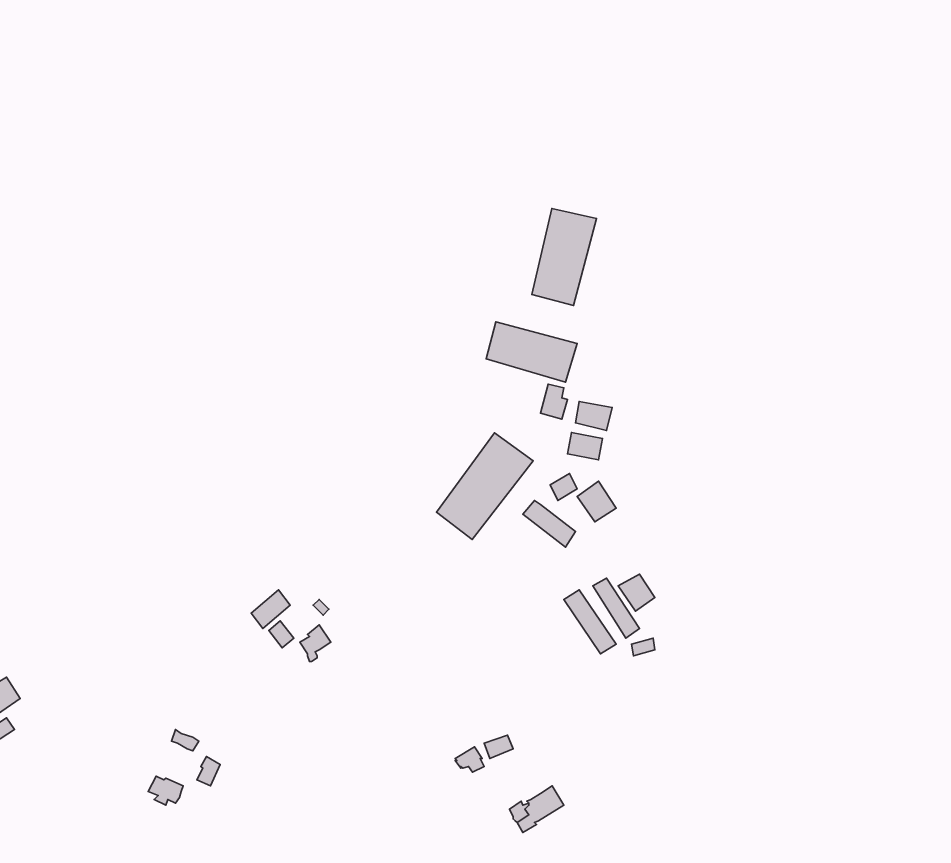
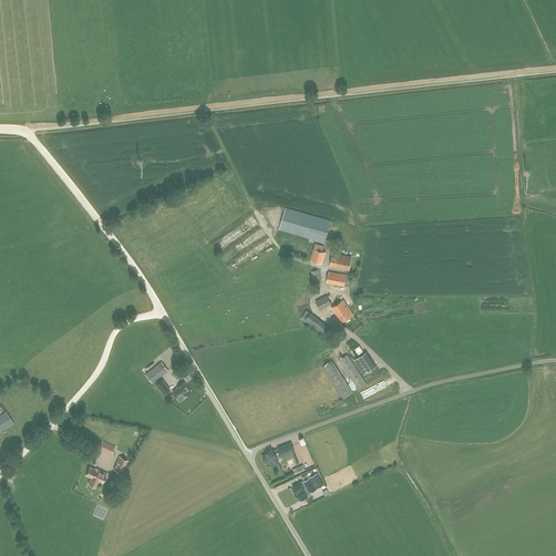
building: [532,208,596,305] -> none
building: [436,433,533,540] -> none

